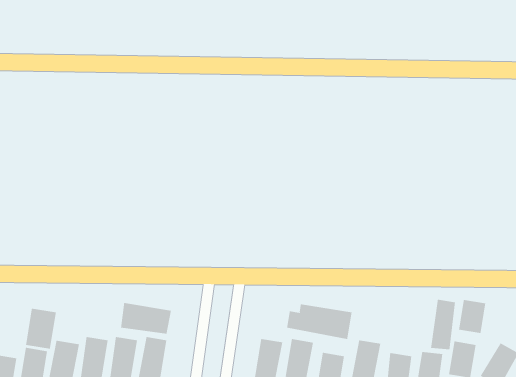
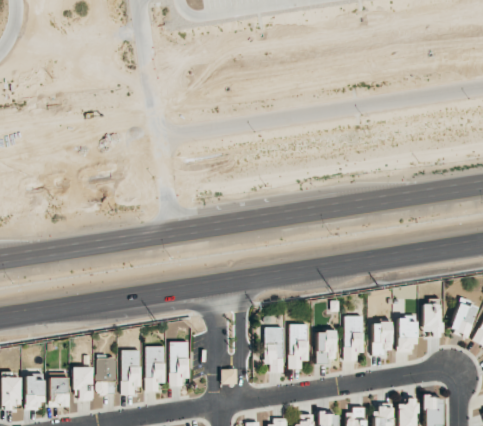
building: [431,299,455,350] -> none
building: [458,299,486,334] -> none
building: [120,302,172,334] -> none
building: [287,303,352,340] -> none
building: [25,308,56,350] -> none

